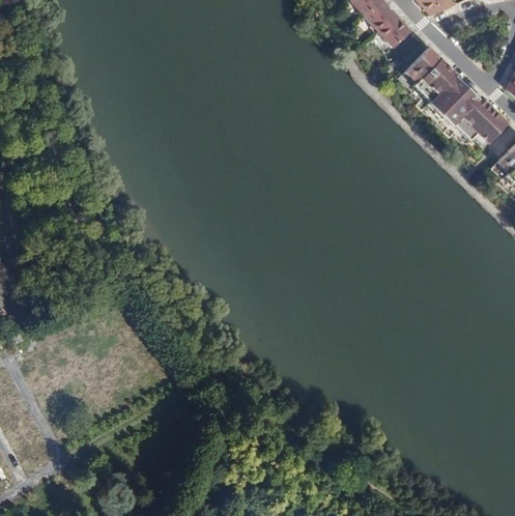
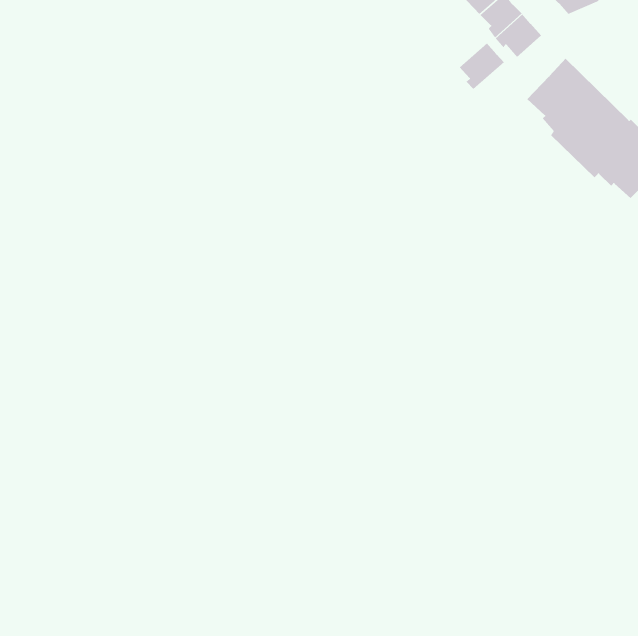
building: none -> [459,42,505,90]

